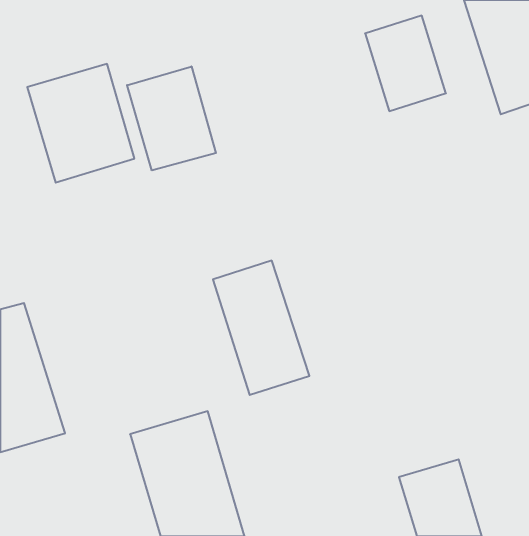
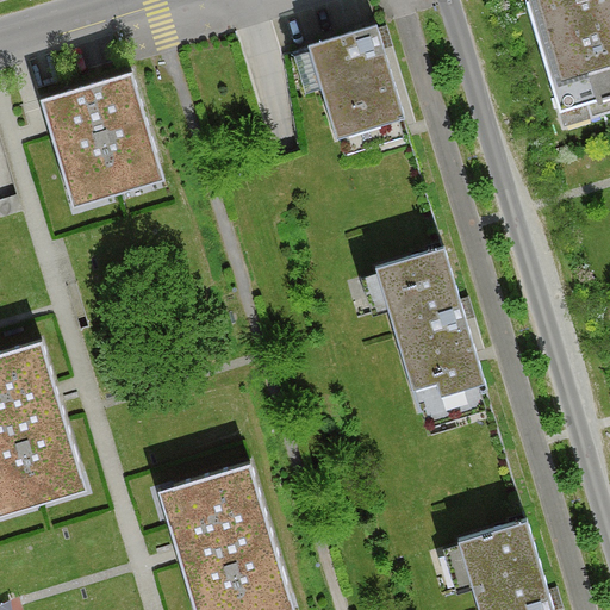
building: [365,16,446,111] -> [309,30,400,138]
building: [127,66,216,170] -> none
building: [213,261,309,395] -> [378,253,487,405]

